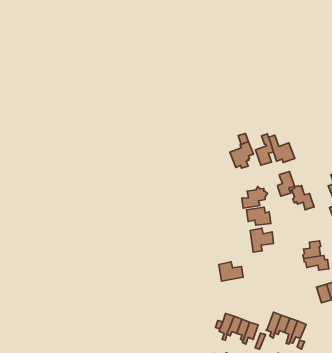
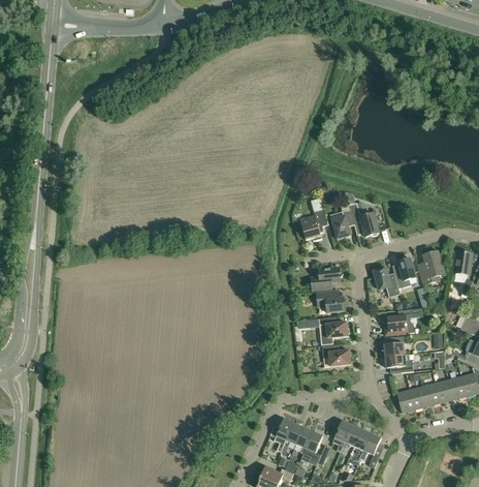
building: [278,171,294,196] -> [395,257,416,287]
building: none -> [385,308,415,334]
building: [219,262,243,281] -> [322,343,351,366]

